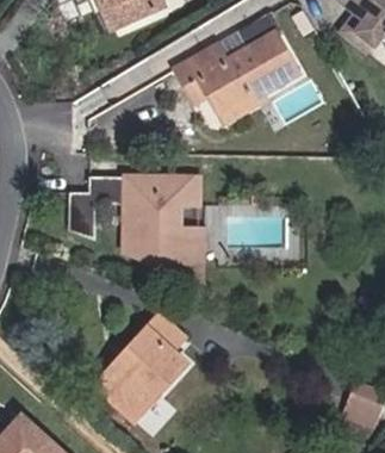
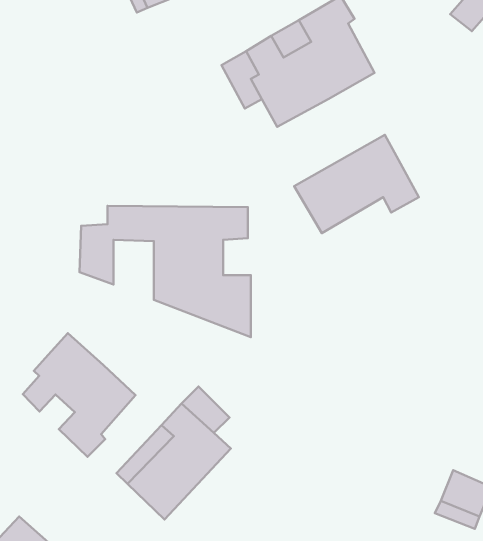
building: none -> [294,135,419,233]
building: none -> [23,333,136,457]

